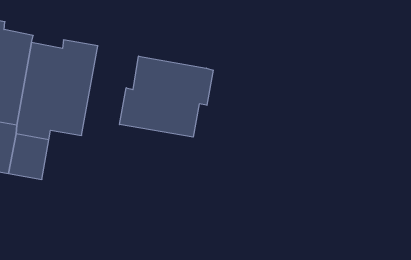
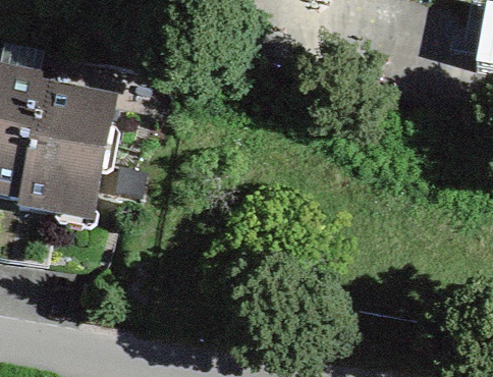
building: [120,56,213,137] -> none

